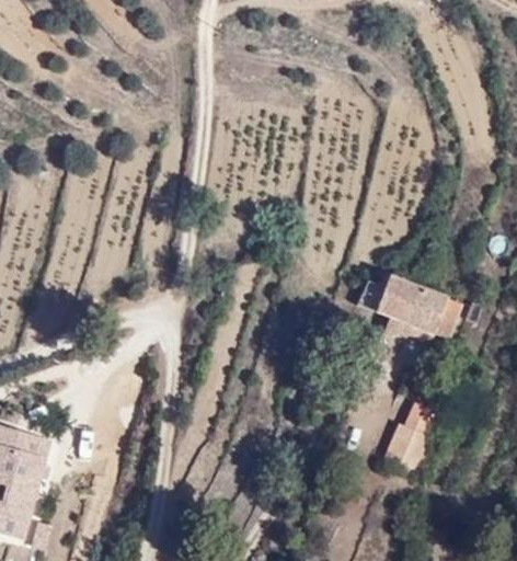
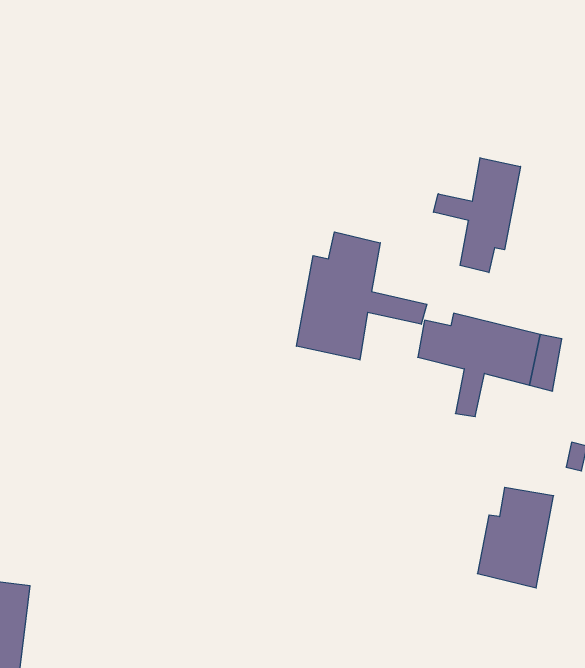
building: none -> [433,158,520,273]
building: none -> [296,232,427,360]

